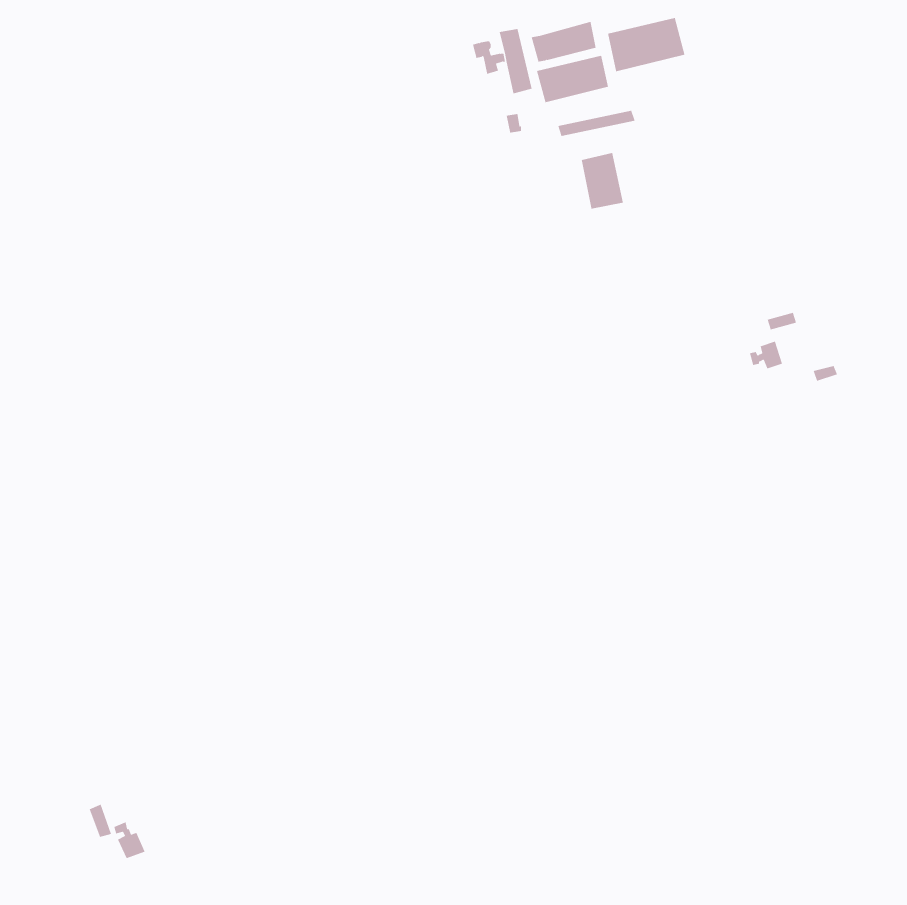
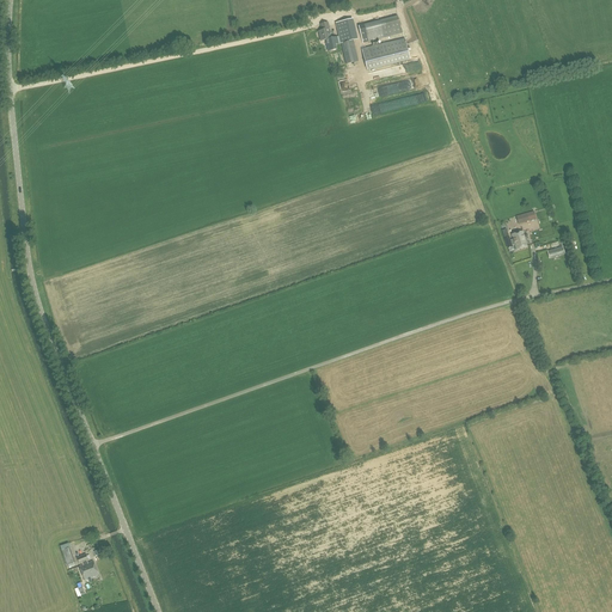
building: [607,17,685,72] -> none
building: [581,152,624,209] -> none

